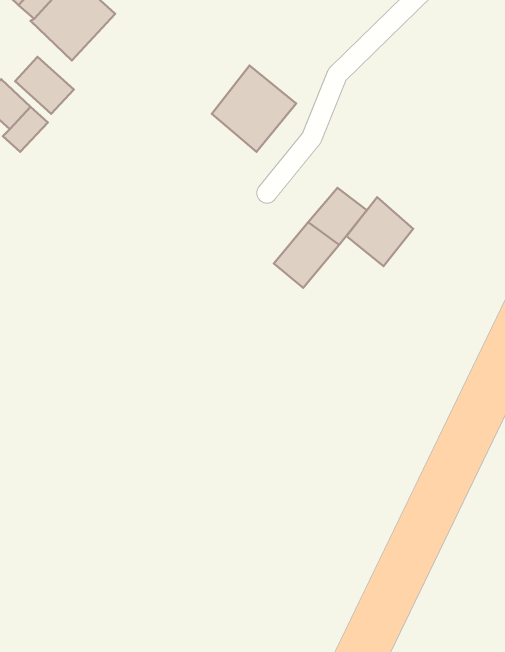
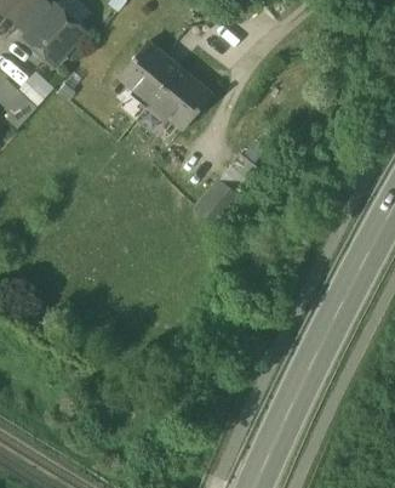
building: none -> [119,44,178,103]
building: [346,197,413,266] -> none

